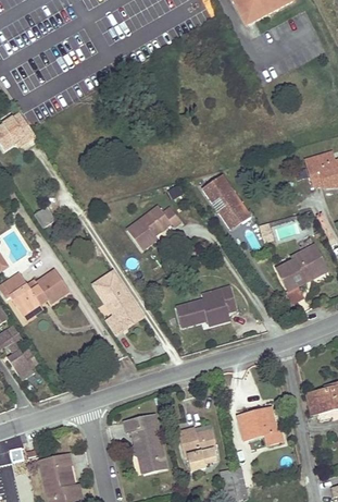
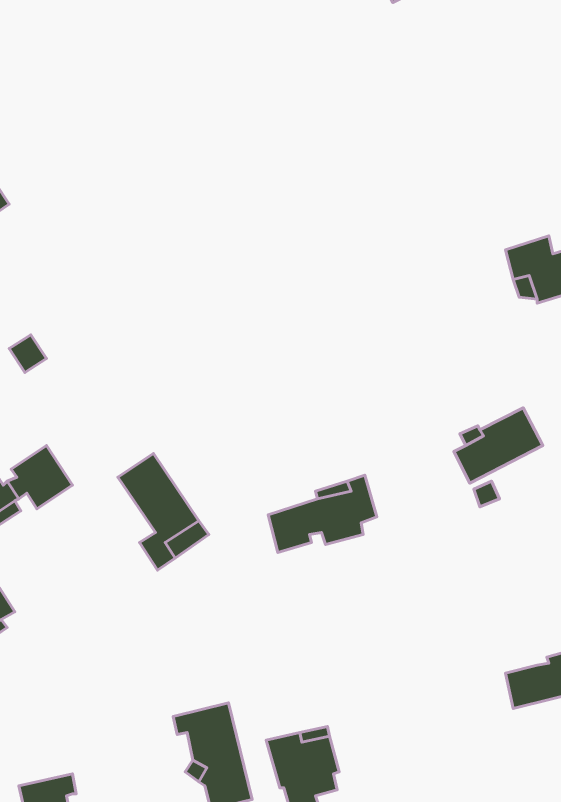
building: [203,179,252,234] -> none
building: [126,207,180,252] -> none
building: [237,408,283,443] -> none

